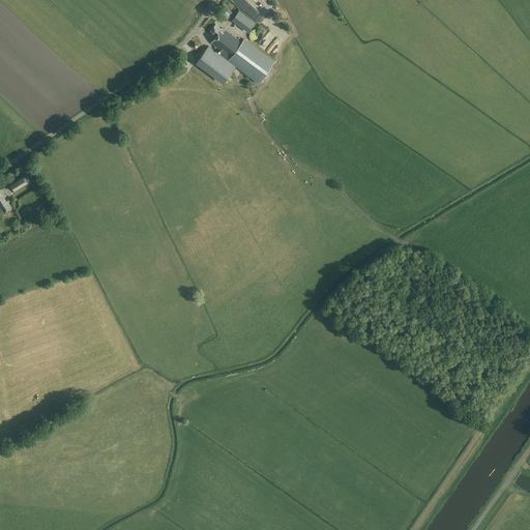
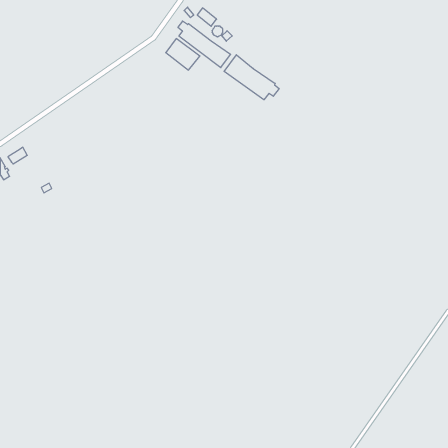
building: none -> [224,55,279,100]

